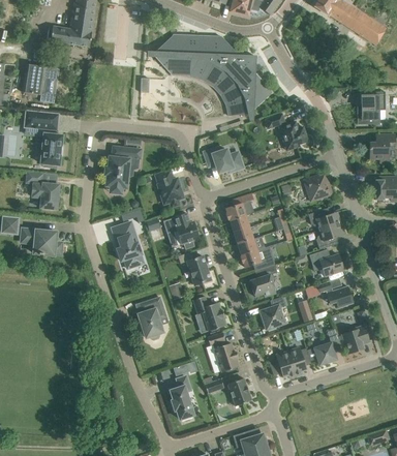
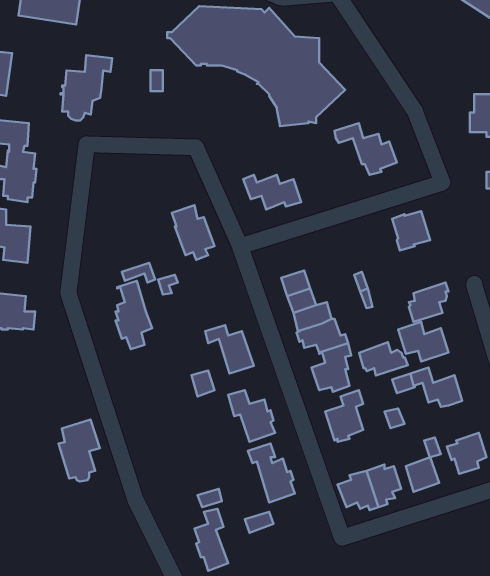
building: [105,147,141,191] -> [60,55,112,120]
building: [225,193,253,219] -> none
building: [308,207,341,230] -> [359,342,408,376]
building: [163,213,198,248] -> none
building: [139,297,166,339] -> [59,419,100,482]
building: [227,377,252,405] -> none

